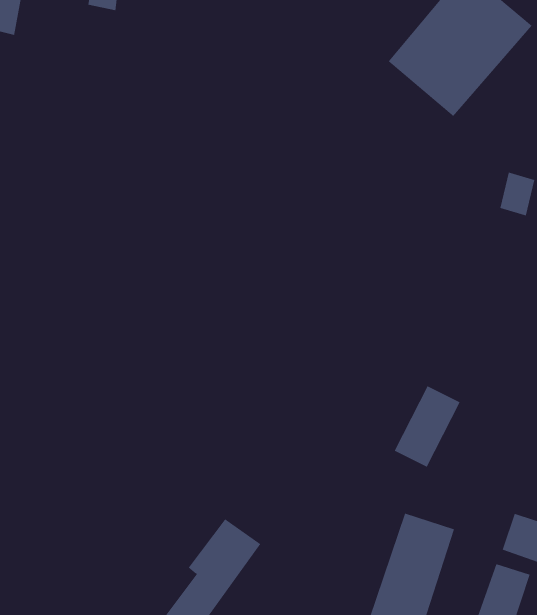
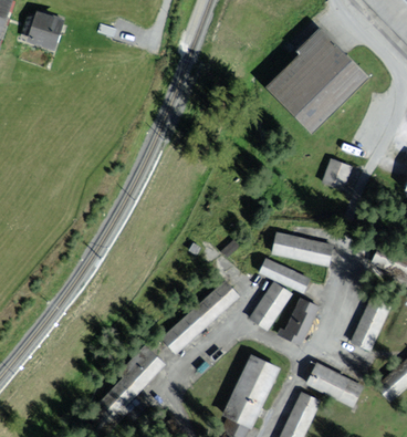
building: none -> [271,232,333,267]
building: none -> [258,258,311,293]
building: none -> [159,279,239,354]
building: none -> [275,298,320,346]

